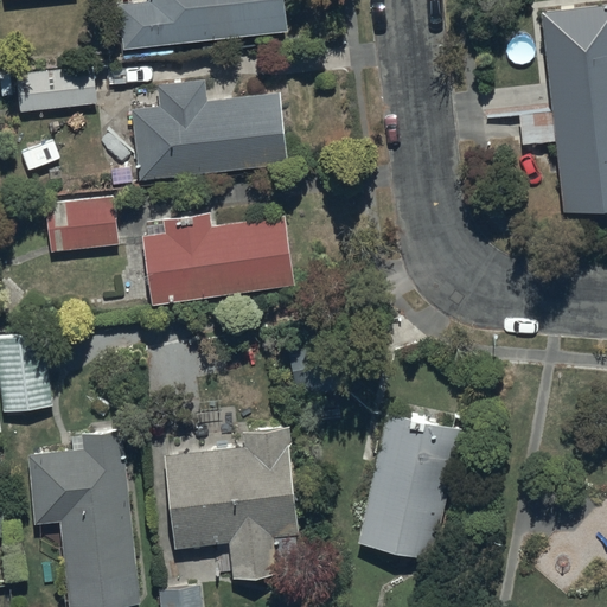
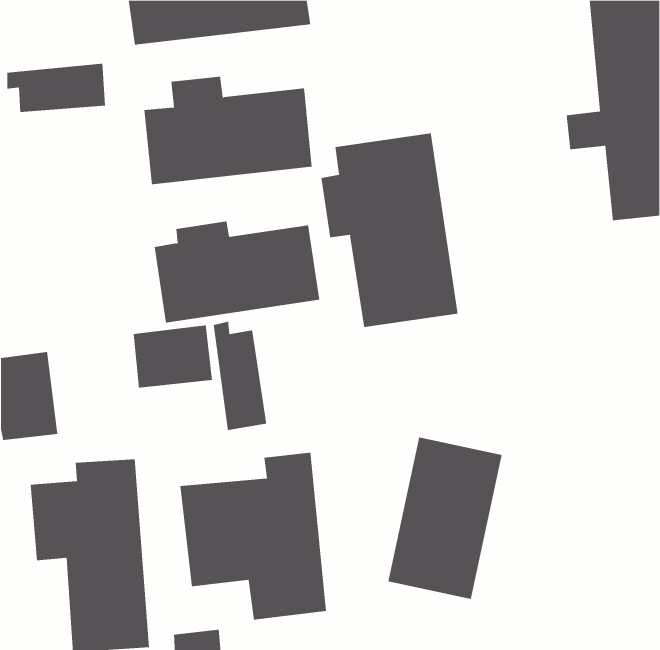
building: none -> [321,132,458,328]
building: [45,196,119,254] -> [133,325,213,388]
building: none -> [213,321,267,431]

